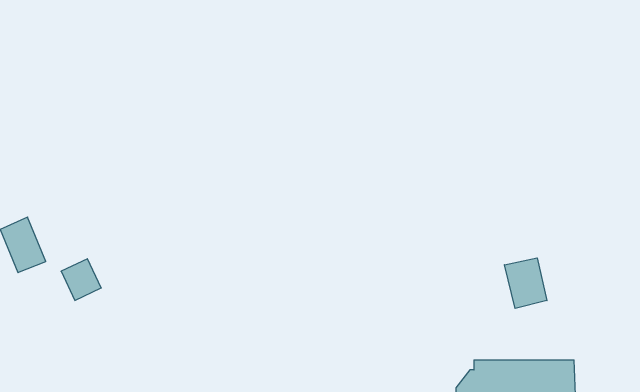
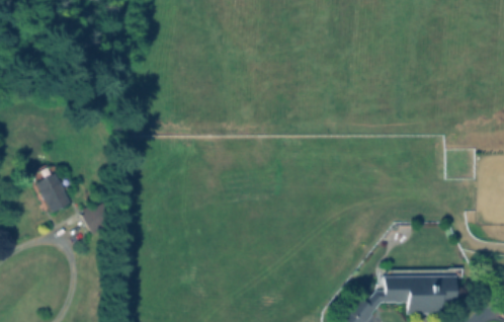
building: [504,258,547,308] -> none

